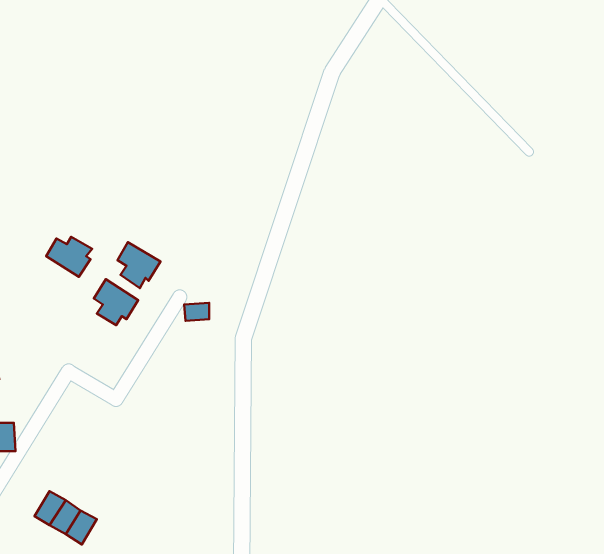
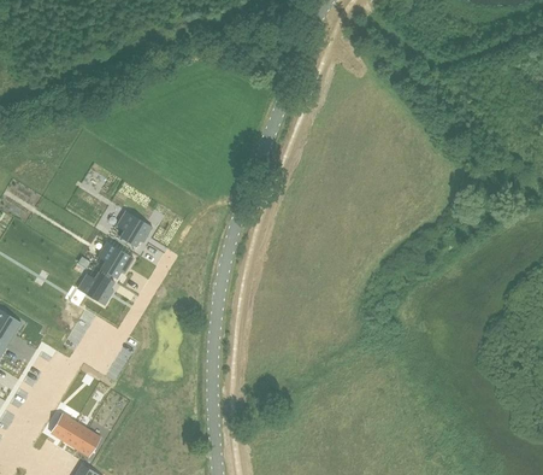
building: [46,237,92,277] -> [77,271,114,304]

